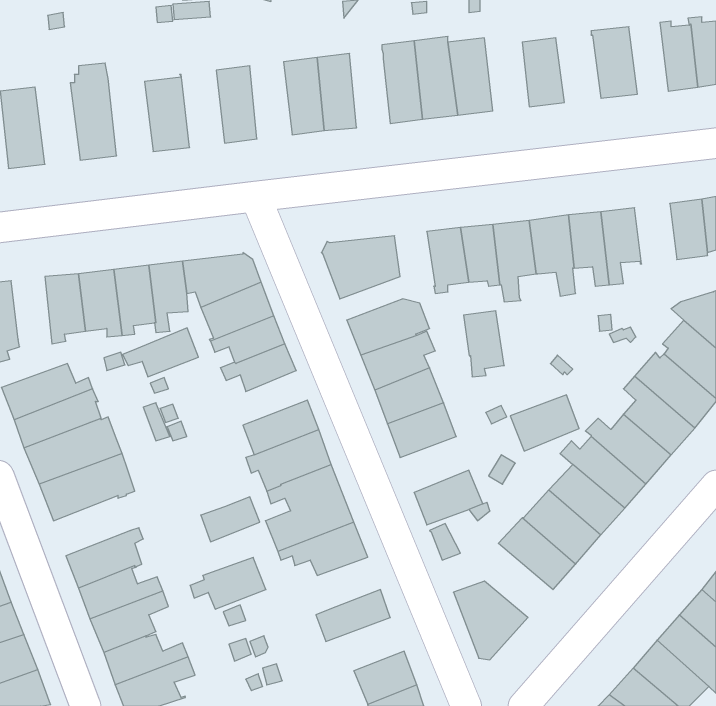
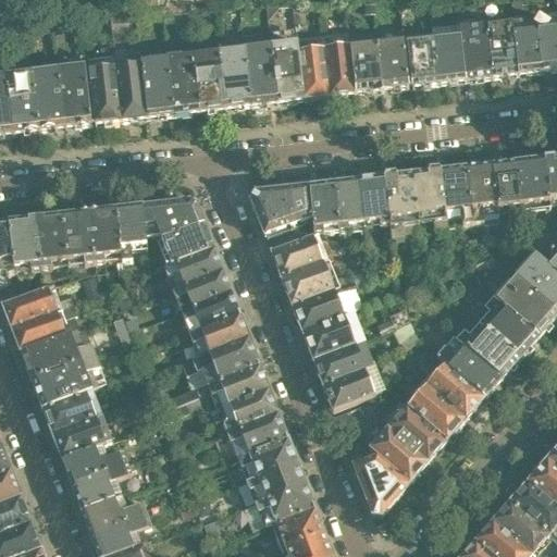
building: none -> [487,17,518,73]
building: none -> [375,26,408,86]
building: none -> [431,27,466,79]
building: none -> [271,38,302,99]
building: none -> [194,48,226,108]
building: none -> [86,49,119,120]
building: none -> [140,54,174,114]
building: none -> [27,64,62,127]
building: none -> [492,158,524,205]
building: none -> [9,214,40,268]
building: [464,311,504,377] -> [306,180,337,231]
building: [123,328,198,377] -> [180,287,238,325]
building: [510,395,579,451] -> [310,338,363,382]
building: none -> [41,384,101,431]
building: none -> [368,421,429,479]
building: [190,557,266,609] -> [236,432,295,472]
building: none -> [252,479,313,520]

